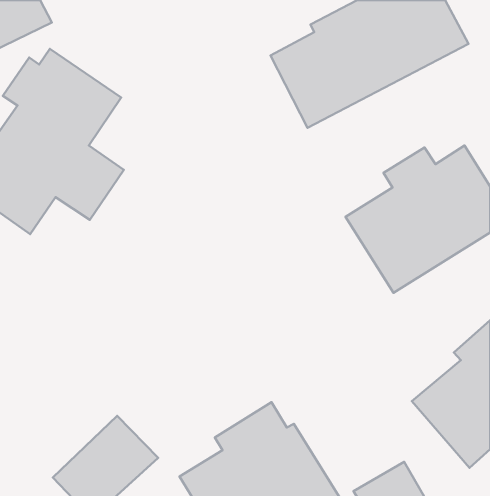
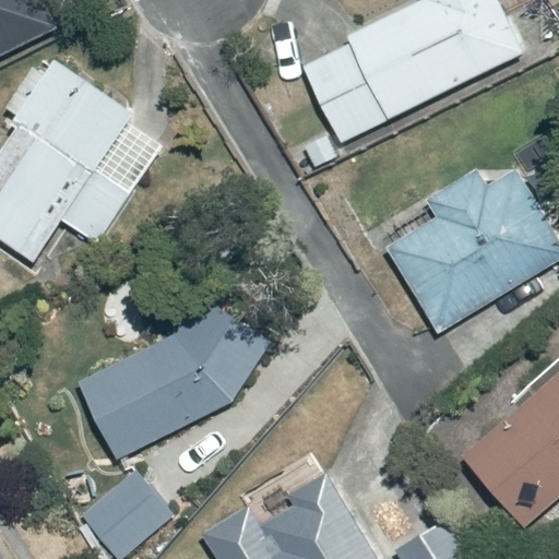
building: none -> [78,306,275,463]

